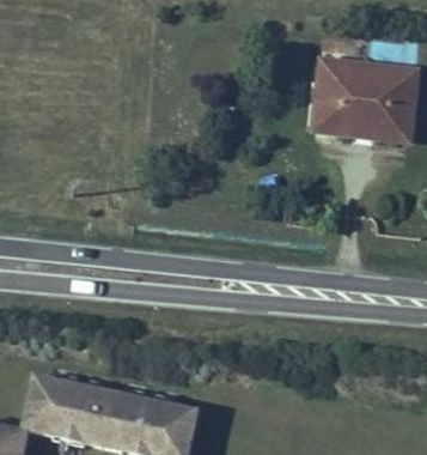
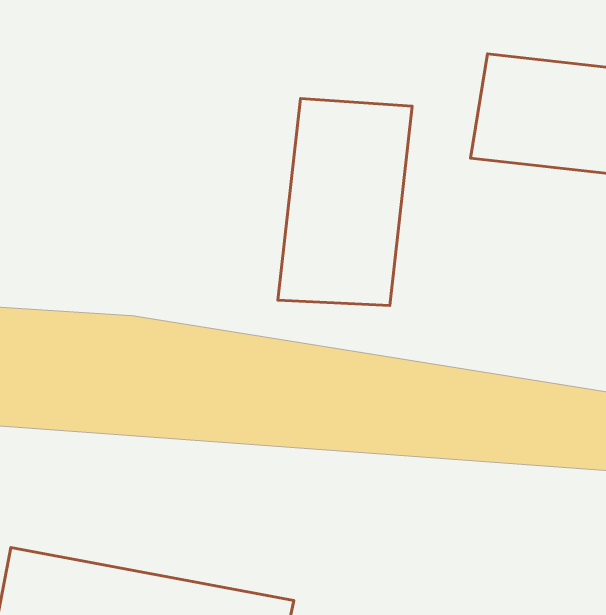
building: none -> [278,98,412,306]

